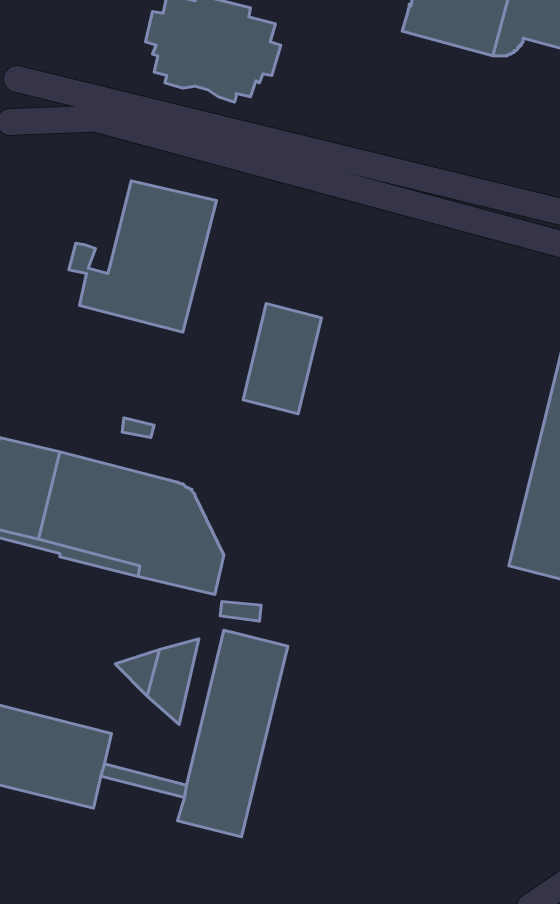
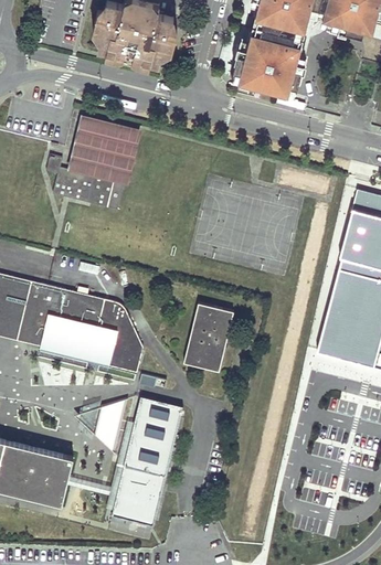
building: none -> [230,23,308,95]
building: [243,303,321,414] -> [183,302,232,371]

